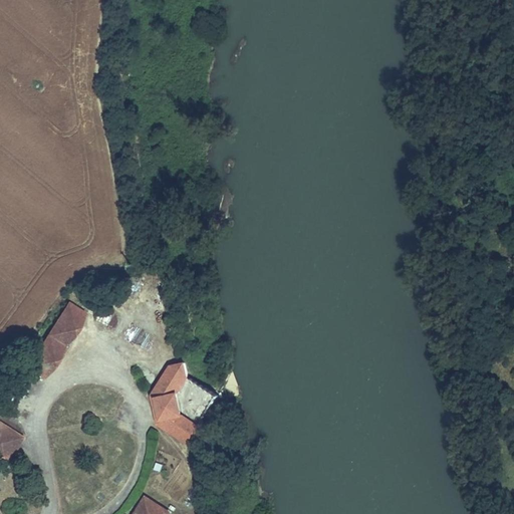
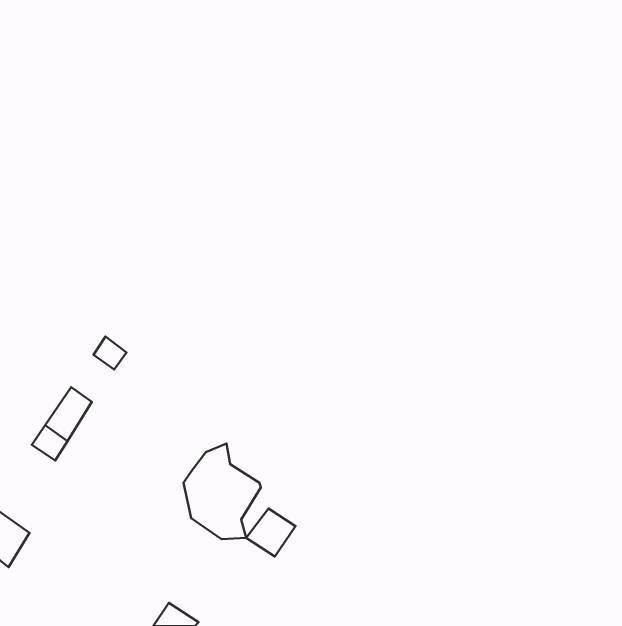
building: [58,302,85,329] -> [93,336,126,370]
building: none -> [246,509,295,557]

